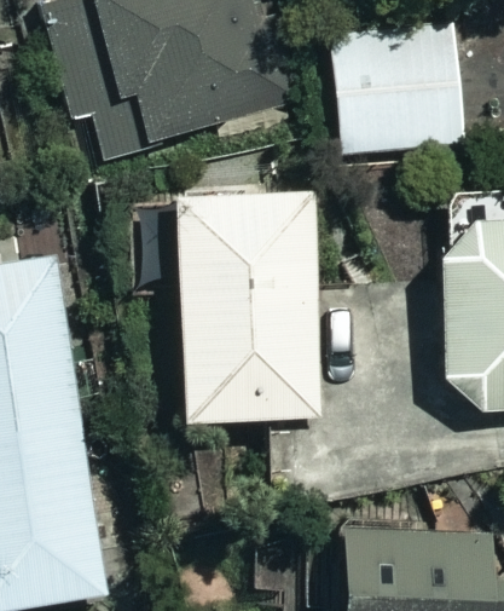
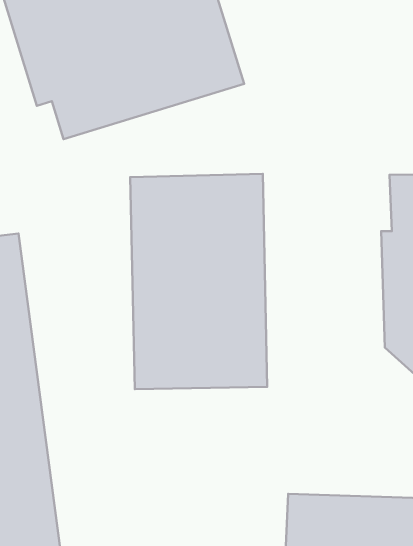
building: [330,23,468,152] -> none

